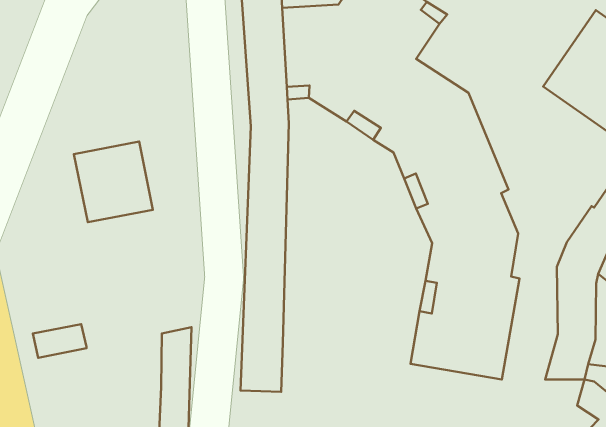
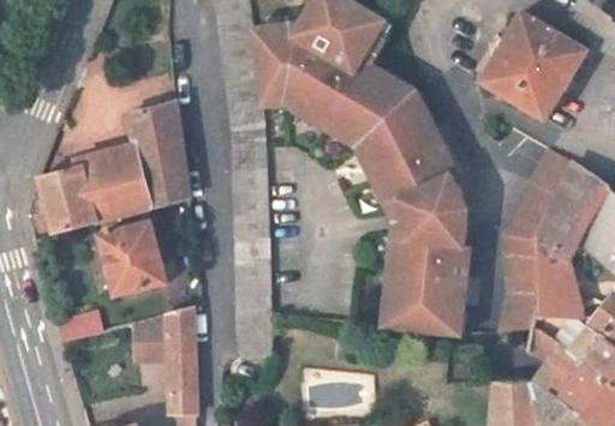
building: none -> [127,102,190,209]
building: none -> [38,166,97,234]
building: none -> [98,222,174,296]
building: none -> [135,314,169,361]

